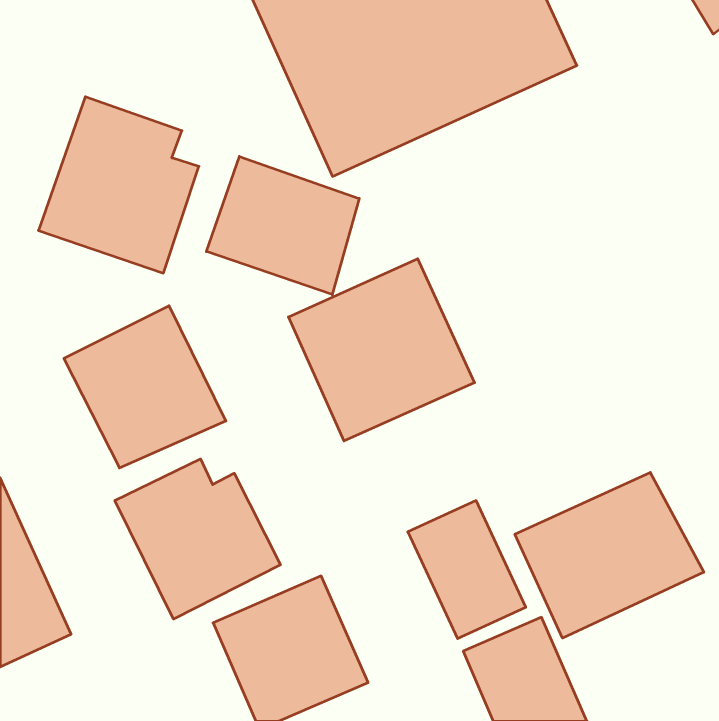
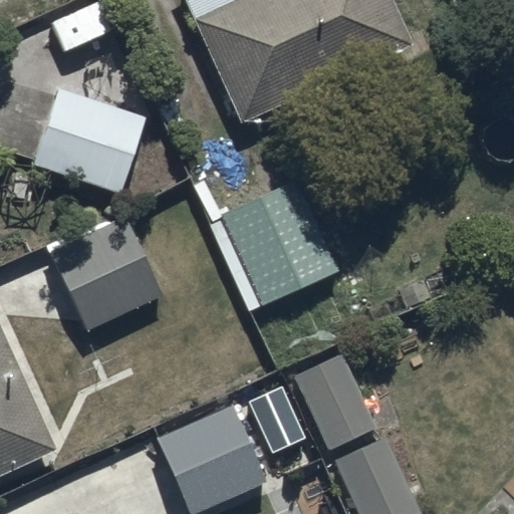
building: [206,156,359,295] -> none
building: [115,459,280,619] -> none
building: [515,472,704,638] -> none

